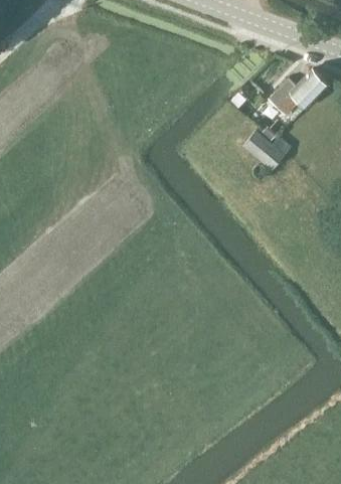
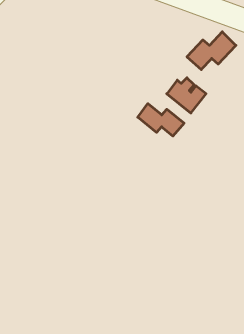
building: none -> [138,104,184,136]

